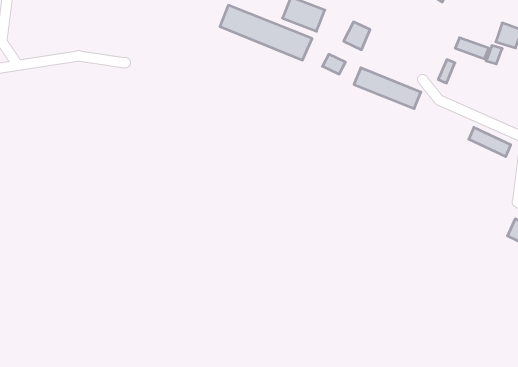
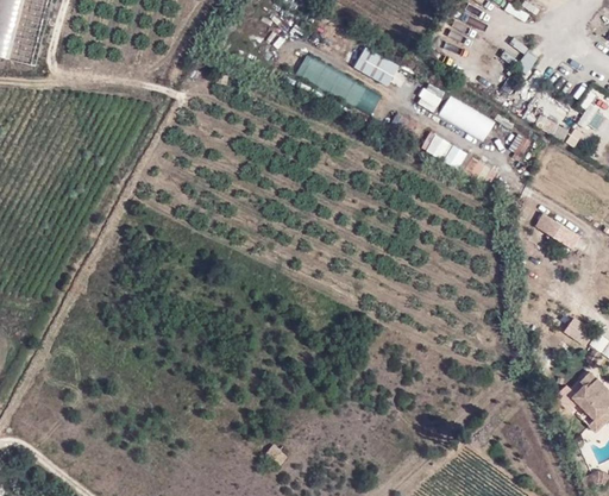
building: none -> [435,93,494,139]

